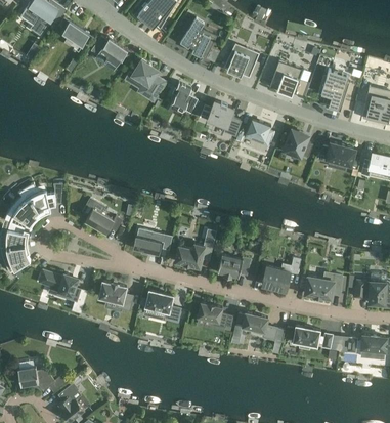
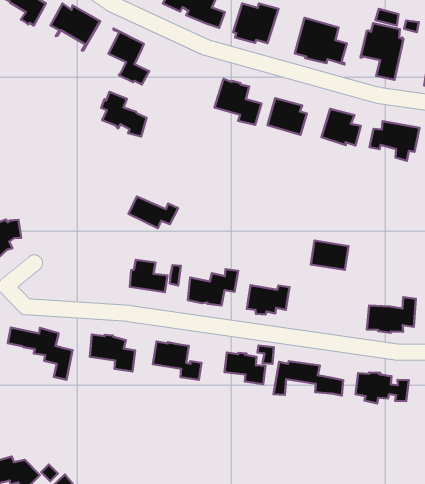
building: [171,83,204,118] -> [101,92,146,136]
building: [85,209,122,234] -> [129,196,178,228]
building: [261,267,290,291] -> [311,241,348,270]

